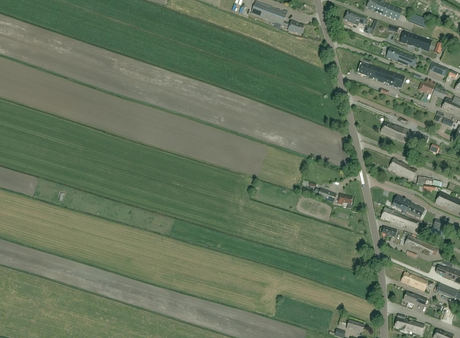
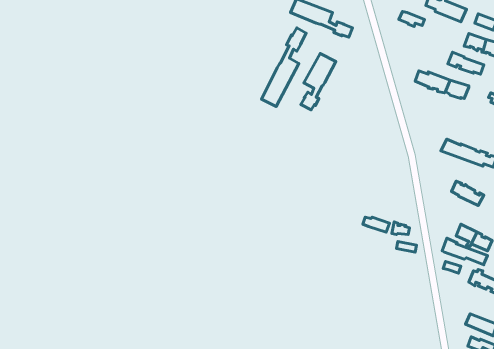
building: none -> [262,28,306,107]
building: none -> [301,54,336,110]

